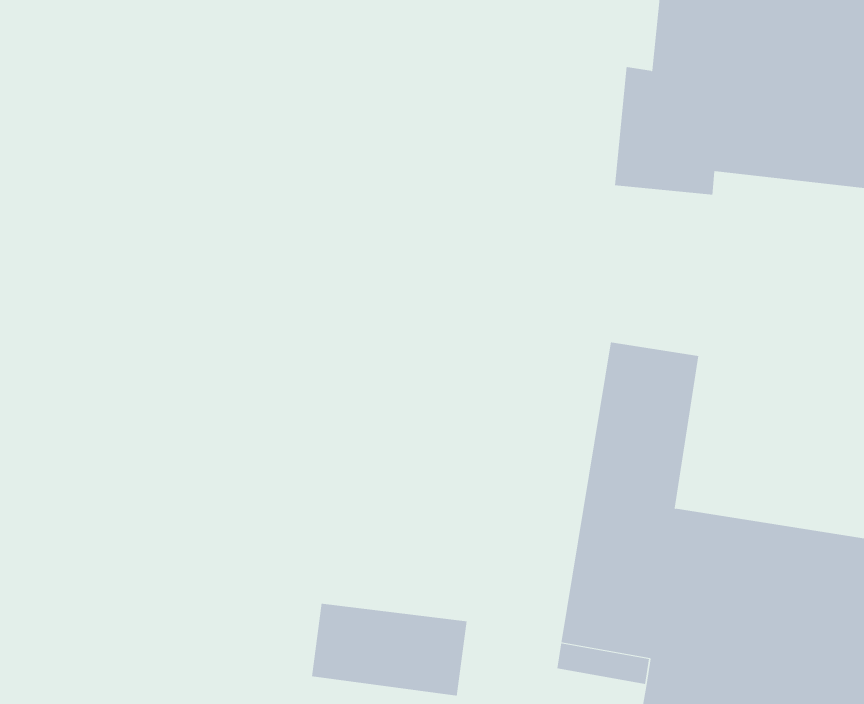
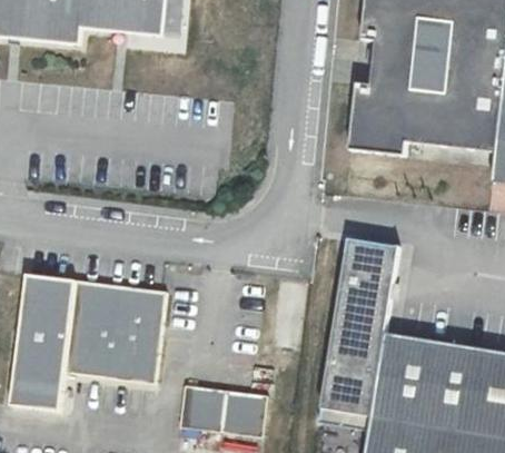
building: none -> [10,274,167,411]

